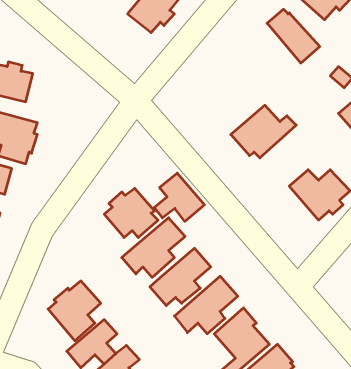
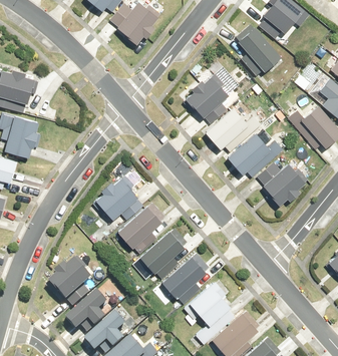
building: none -> [186,75,230,124]
building: none -> [228,132,282,177]
building: [154,173,204,221] -> none

